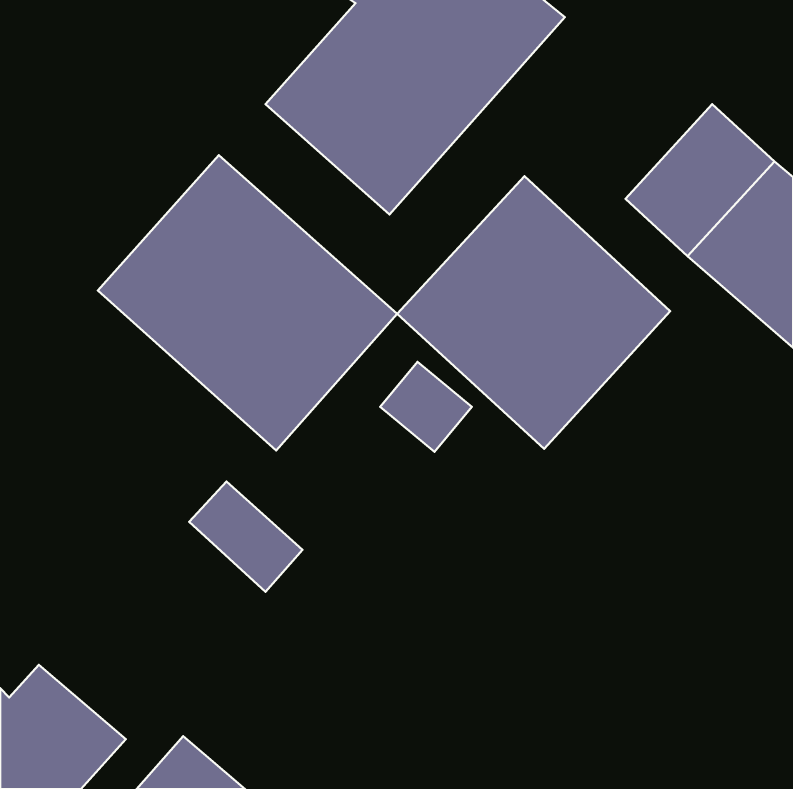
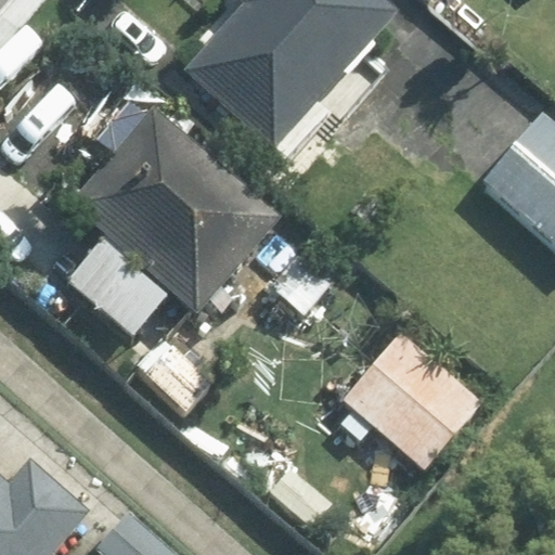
building: [397,176,670,449] -> none
building: none -> [340,333,480,470]

